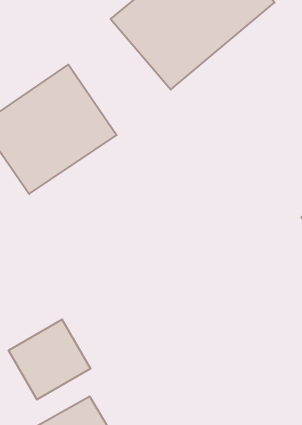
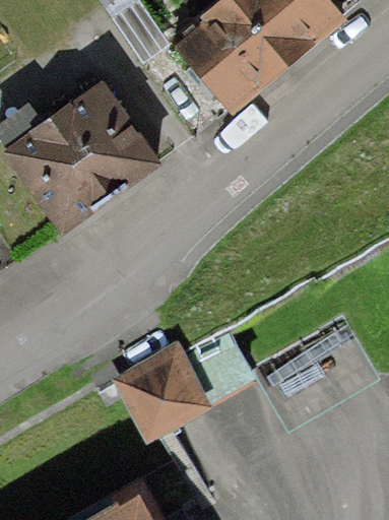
building: [8,319,91,400] -> [122,340,218,435]

